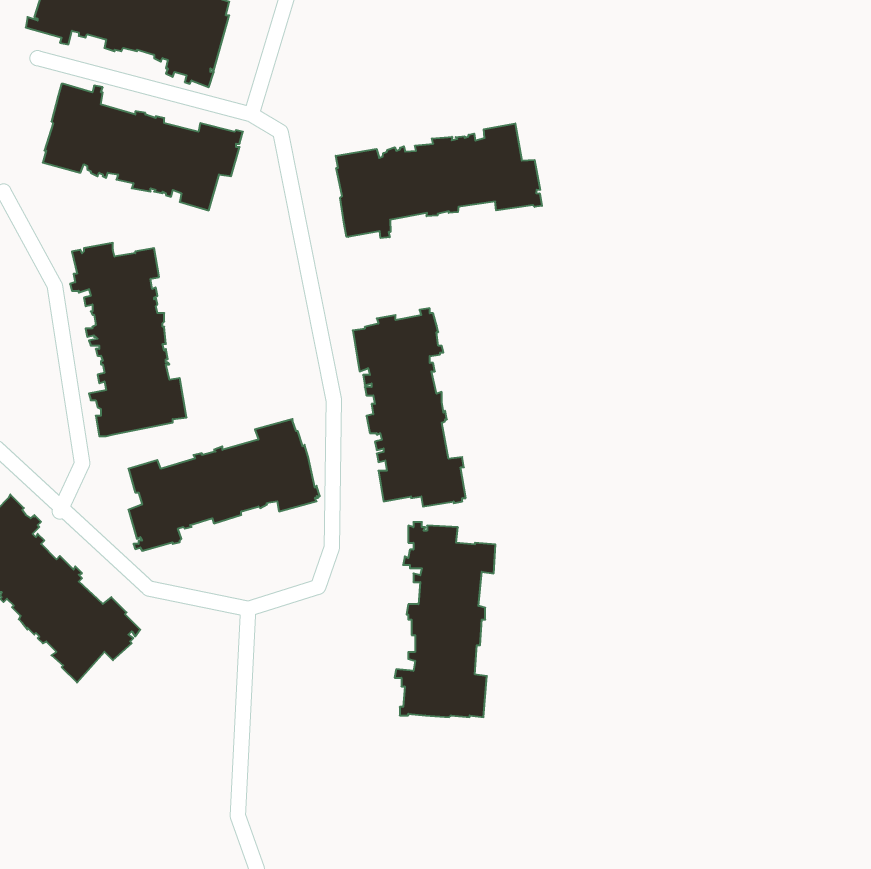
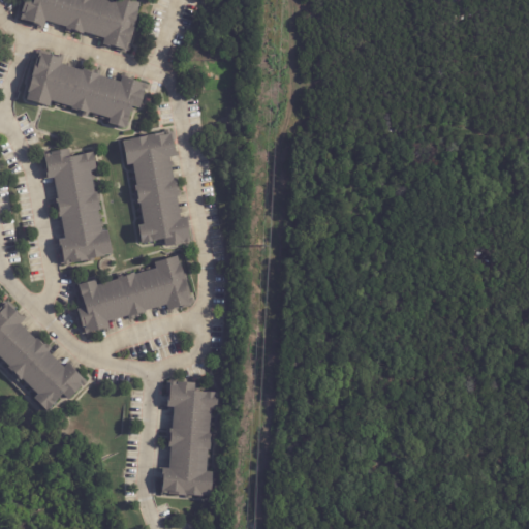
building: [336,123,542,238] -> none
building: [353,308,466,507] -> [122,127,190,247]
building: [395,522,495,717] -> [158,378,219,496]

